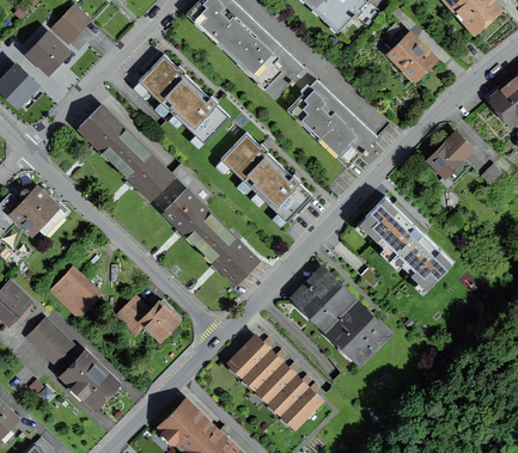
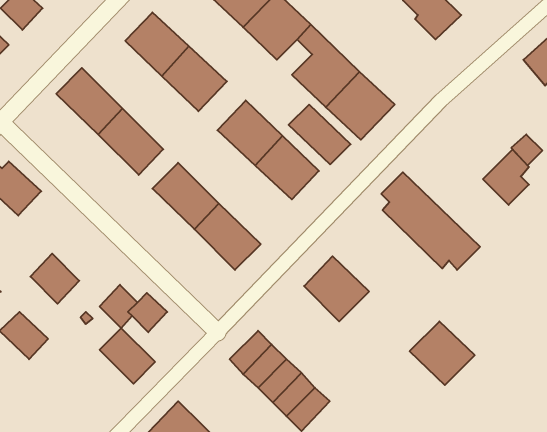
building: [429,133,470,182] -> [483,149,529,205]
building: none -> [289,105,351,164]
building: [328,301,385,357] -> [410,321,475,385]
building: [65,354,114,403] -> [100,328,155,384]

